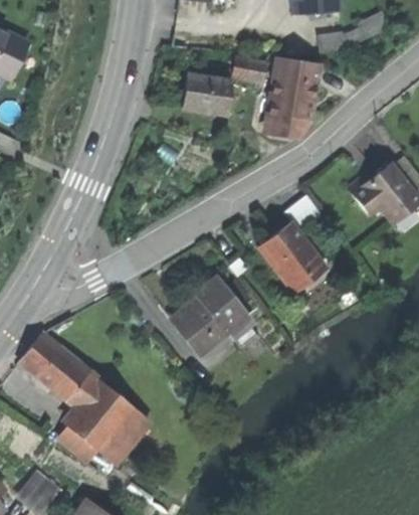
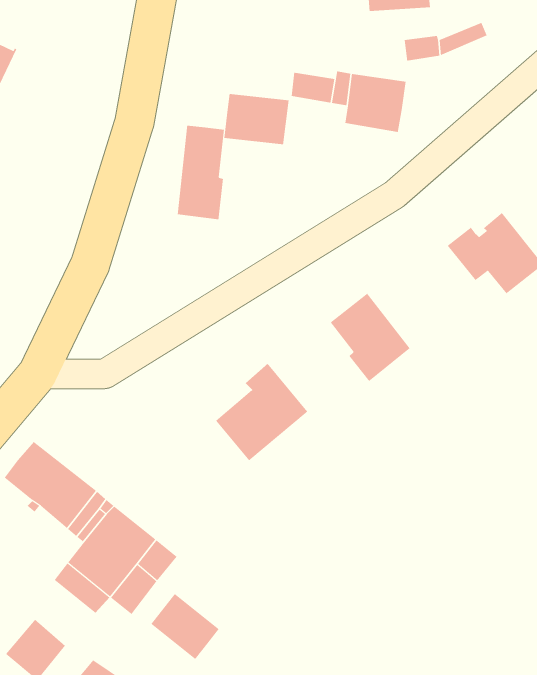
building: [267,97,313,139] -> none
building: none -> [177,125,224,220]
building: none -> [151,593,220,660]

